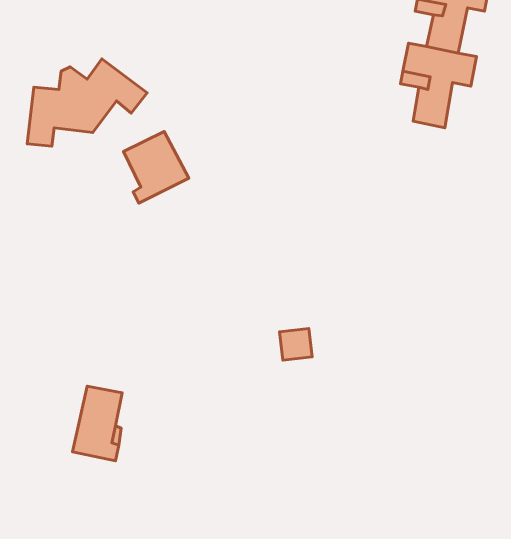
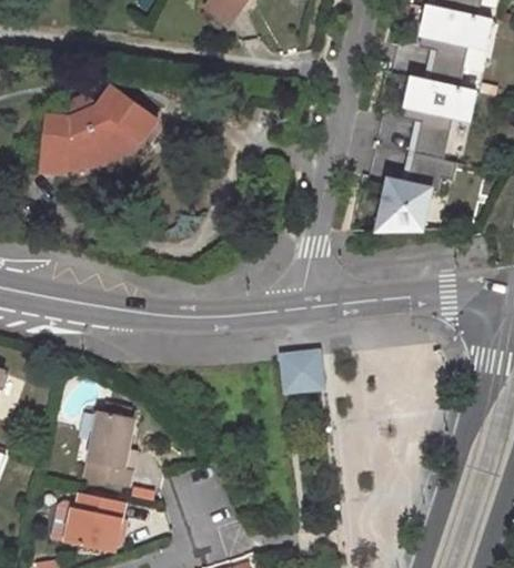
building: none -> [383,152,462,230]
building: [123,131,189,203] -> none
building: none -> [47,493,120,551]

